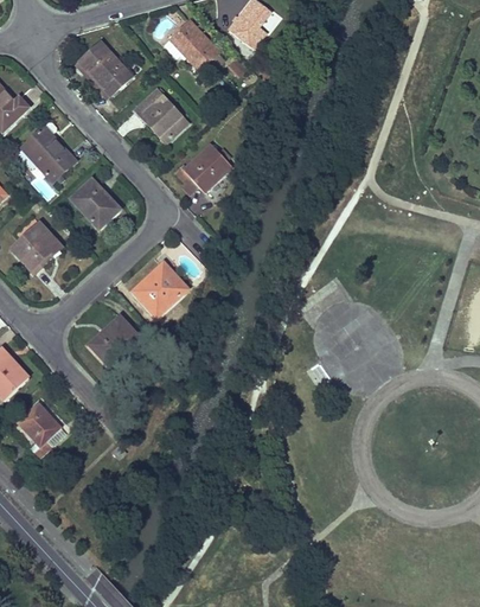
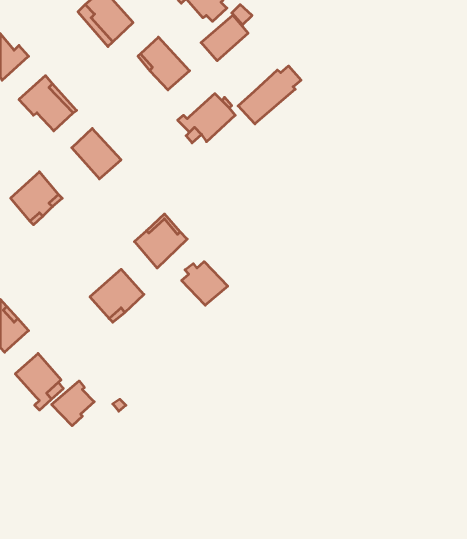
building: none -> [201,15,248,61]
building: none -> [238,66,301,124]
building: none -> [182,262,228,305]
building: none -> [52,381,94,426]

